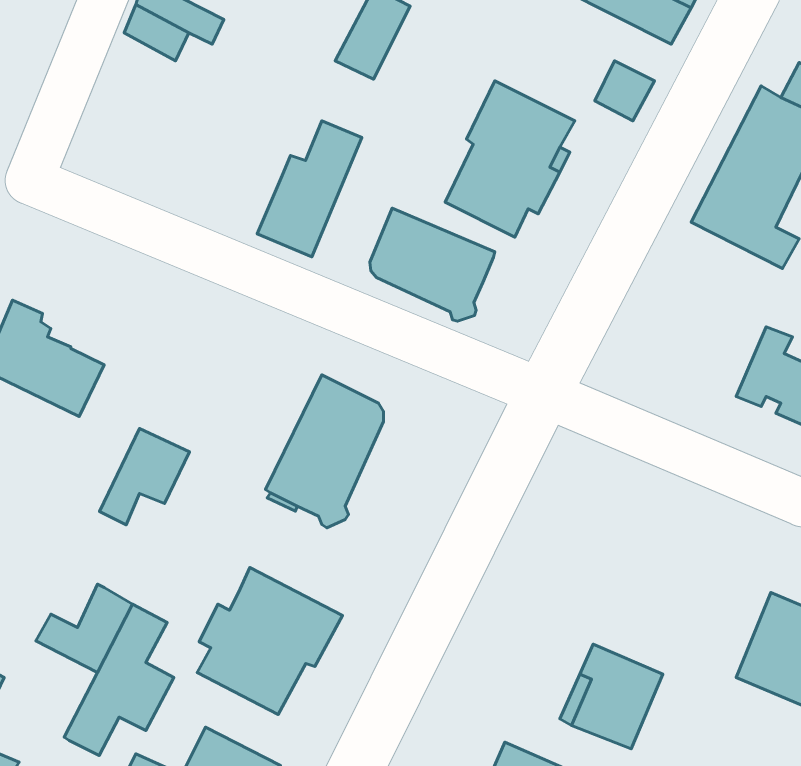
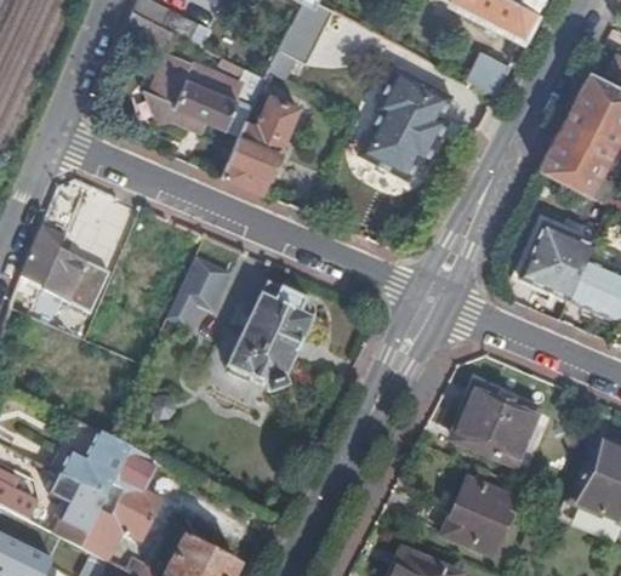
building: none -> [142,53,251,135]
building: [370,208,495,321] -> none
building: none -> [520,219,594,296]
building: [100,429,189,525] -> [169,256,234,326]
building: none -> [455,382,540,464]
building: [197,567,342,714] -> none
building: none -> [51,474,106,544]

